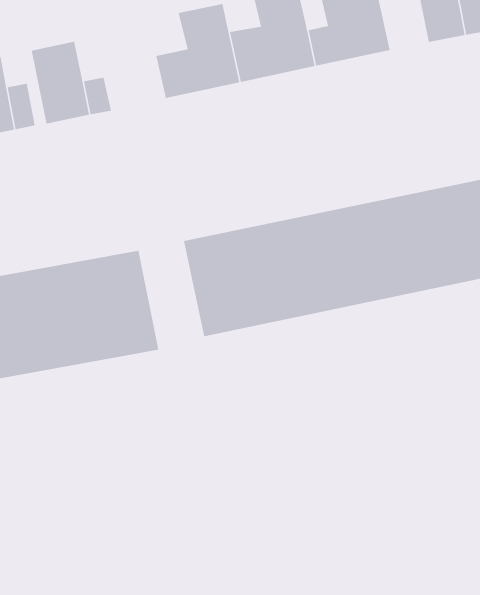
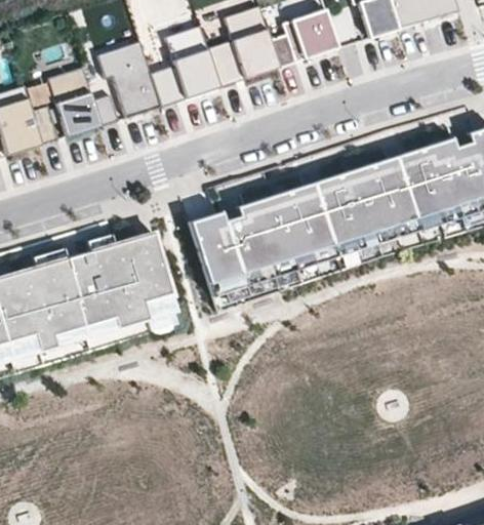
building: none -> [97,41,161,118]

